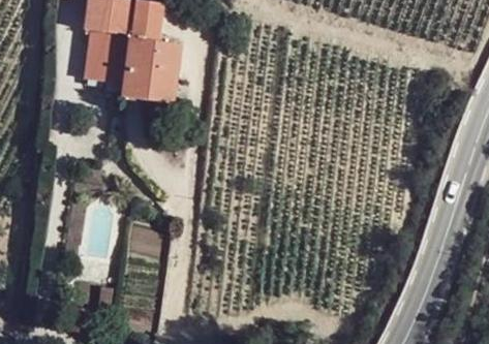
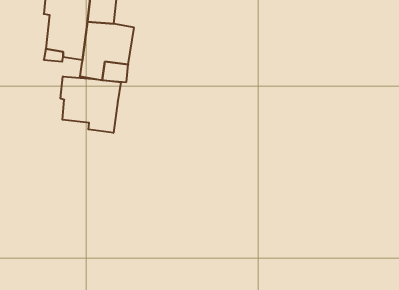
building: none -> [61,76,121,133]

